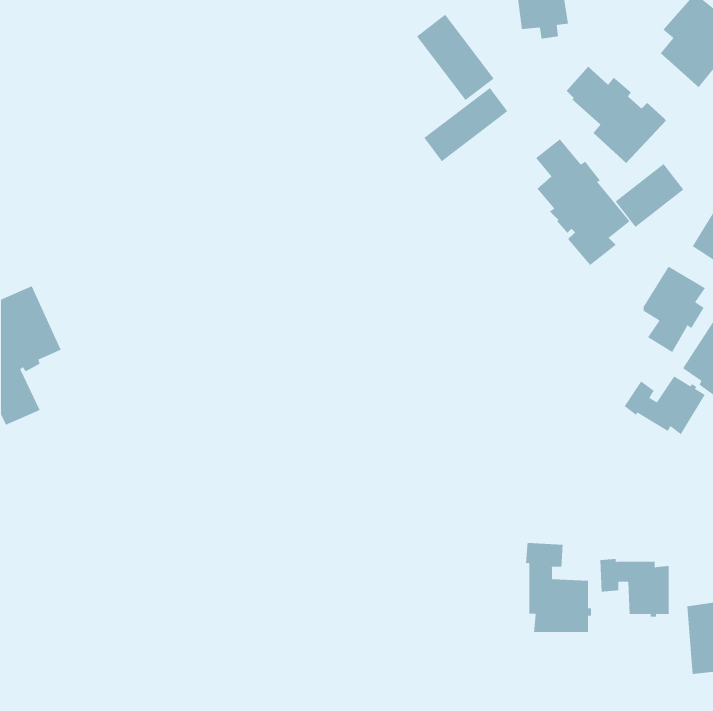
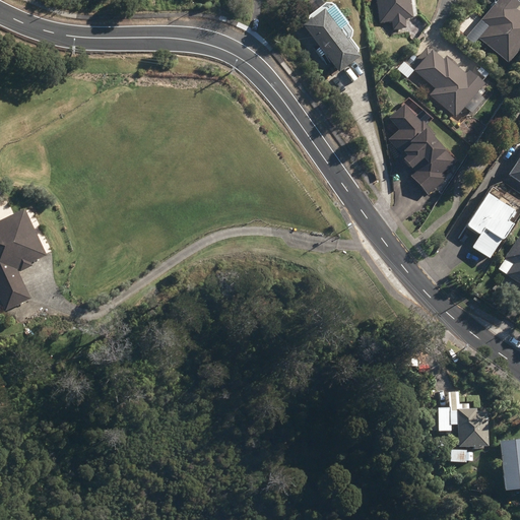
building: [423,87,508,162] -> none
building: [615,163,684,228] -> none
building: [624,375,706,435] -> none
building: [526,542,592,633] -> none

